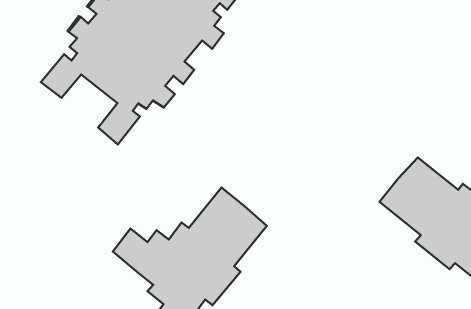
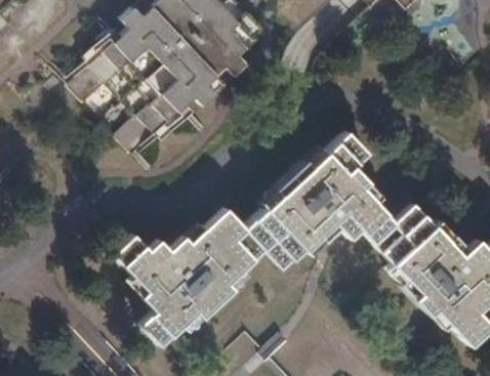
building: none -> [245,132,394,270]

